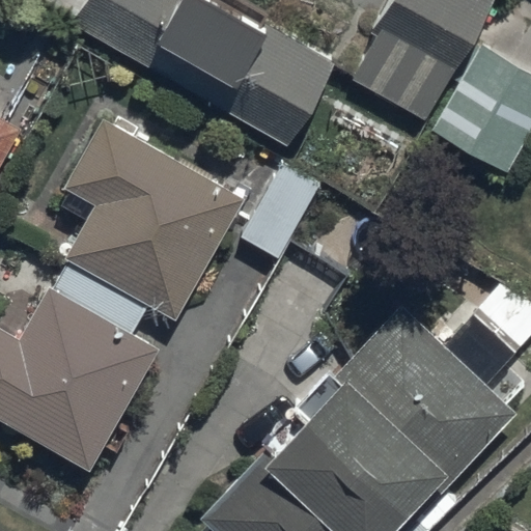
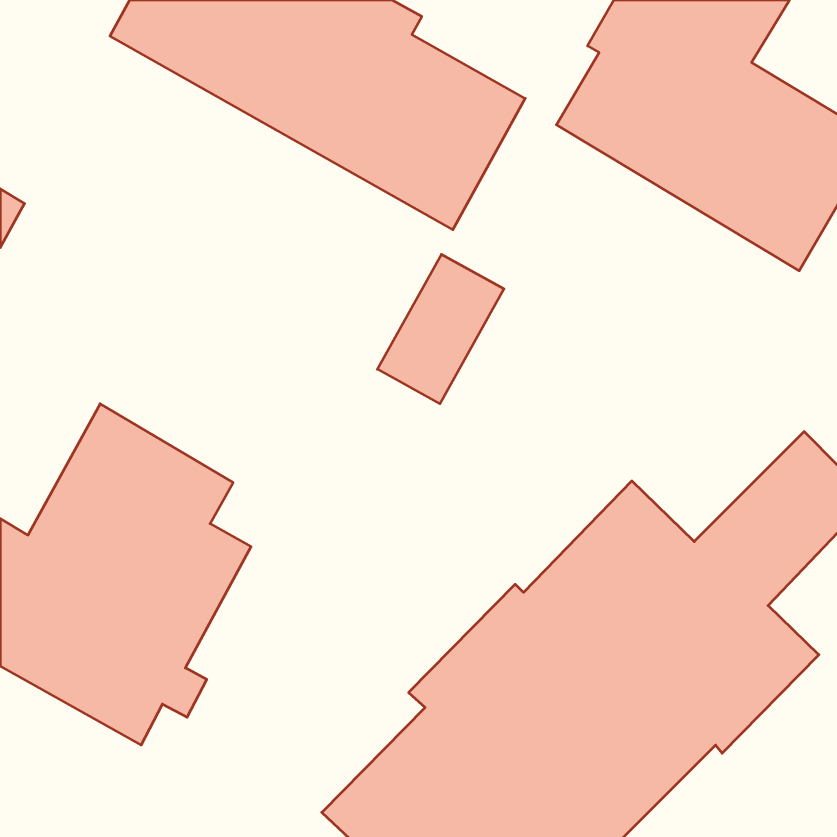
building: [62,120,245,322] -> none

